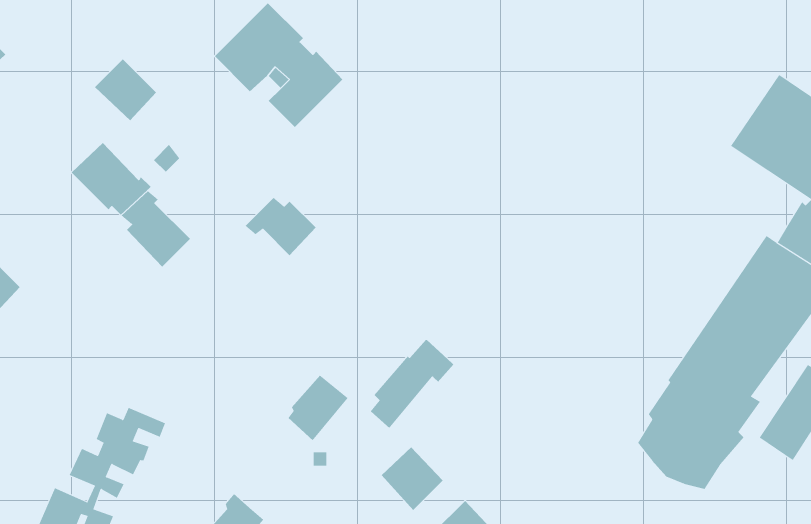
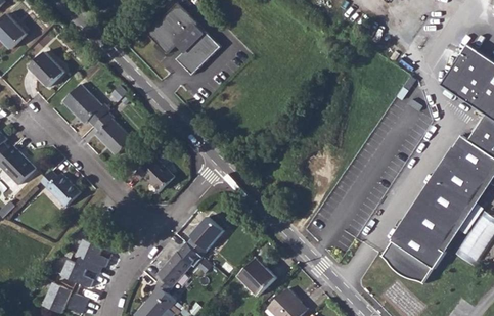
building: [94,58,157,121] -> [28,51,63,87]
building: [245,197,316,256] -> [132,159,173,192]
building: none -> [39,168,79,205]
building: [370,339,454,429] -> [153,241,201,292]

